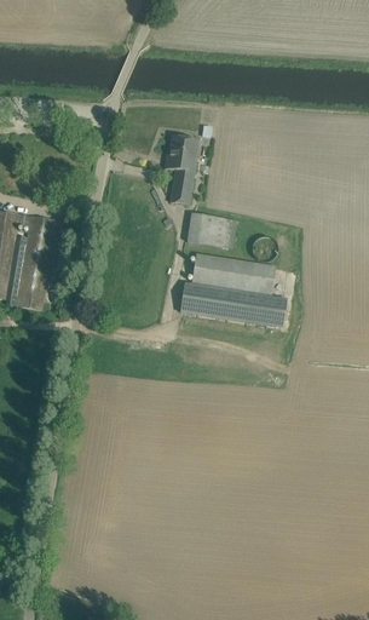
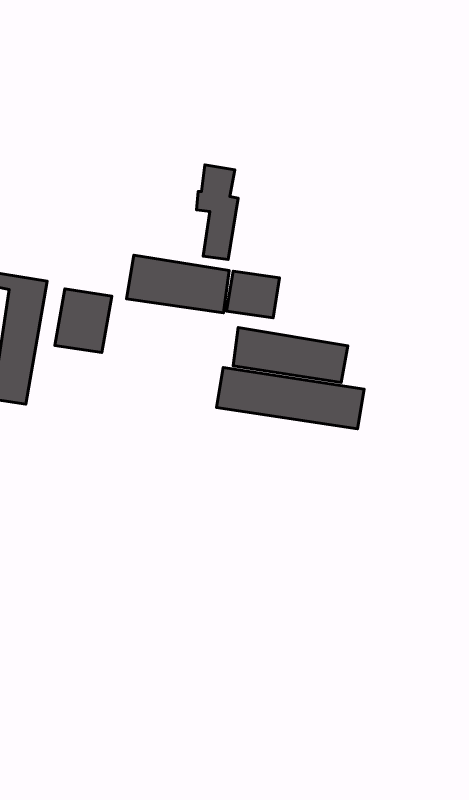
building: none -> [126,255,229,313]
building: none -> [55,289,112,352]

